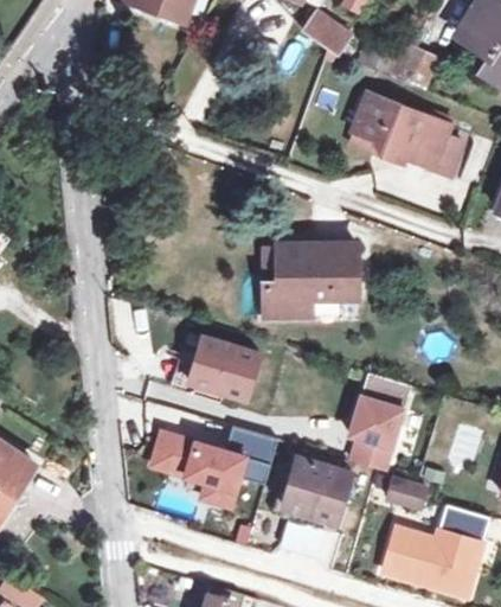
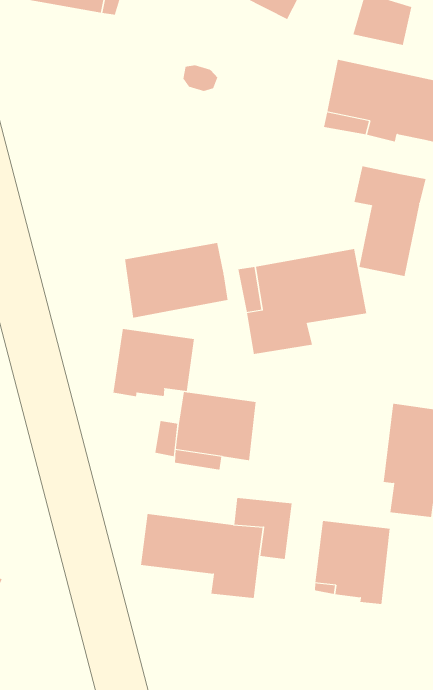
building: none -> [354,165,426,277]
building: none -> [124,242,228,318]
building: none -> [113,328,195,397]

